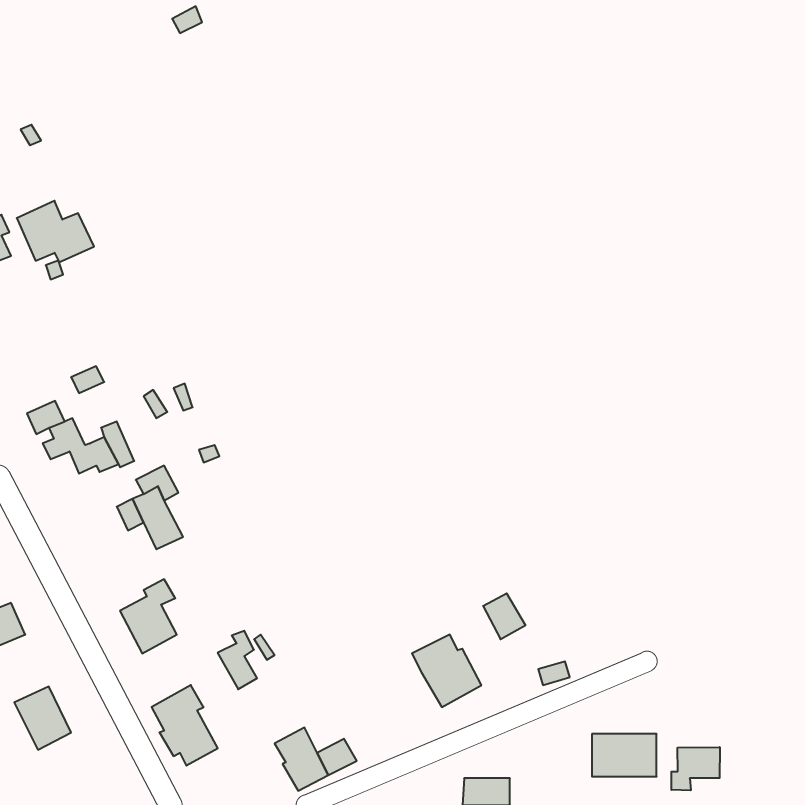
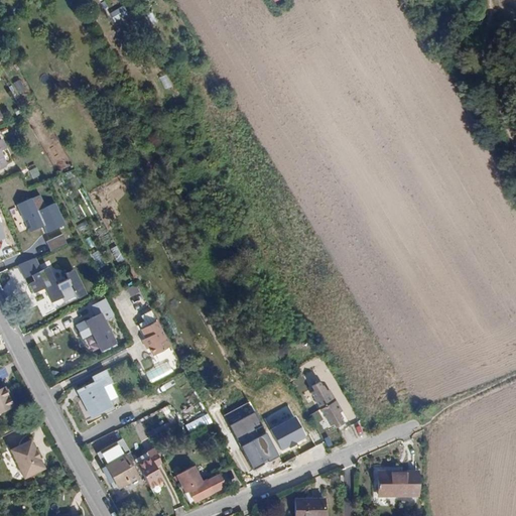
building: [17,201,94,262] -> [16,194,66,233]
building: none -> [140,309,171,357]
building: none -> [319,399,347,429]
building: [218,631,257,689] -> [138,449,163,487]
building: none -> [230,411,278,469]
building: [671,747,720,790] -> none

